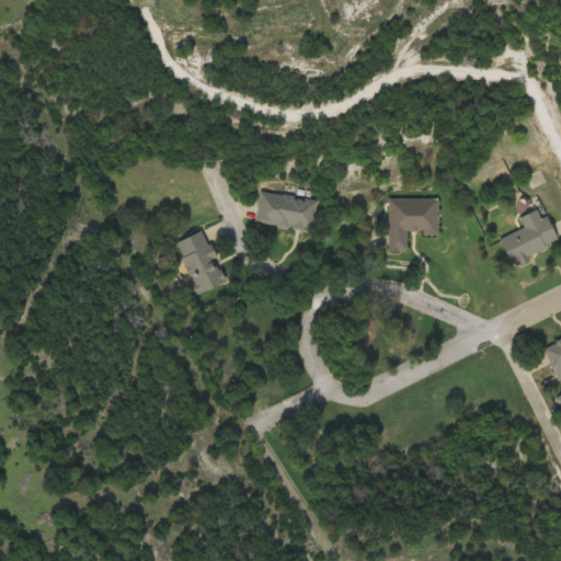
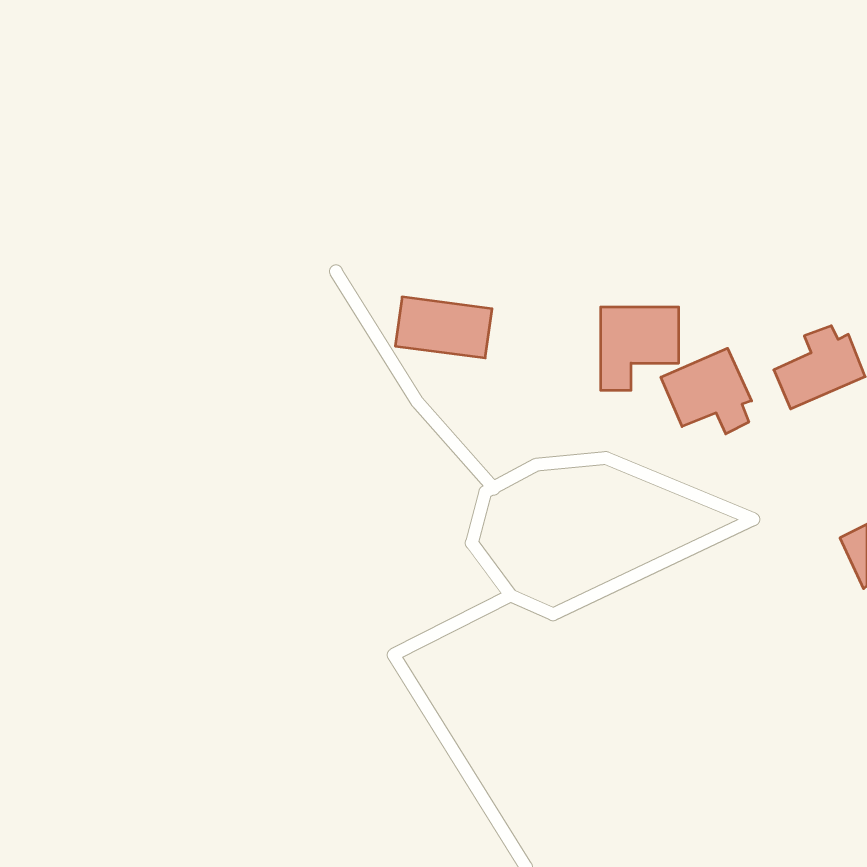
building: none -> [661,348,752,434]
building: [178,231,225,294] -> none

